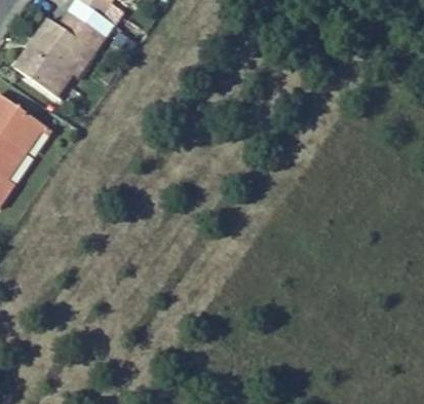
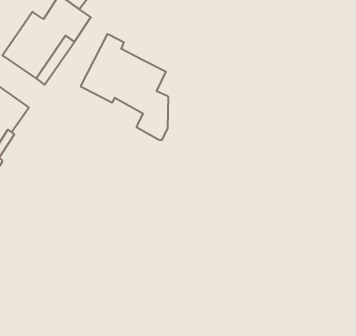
building: none -> [81,34,168,140]

